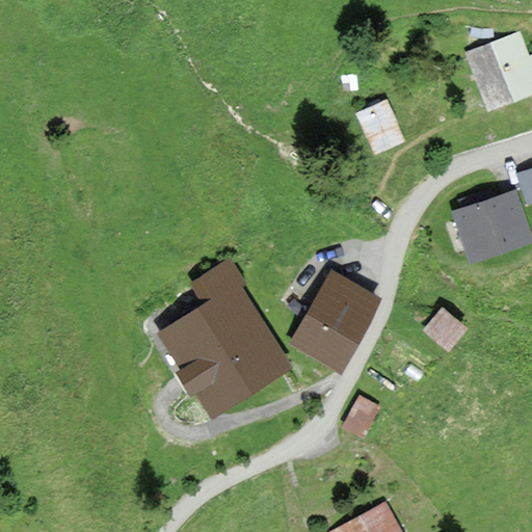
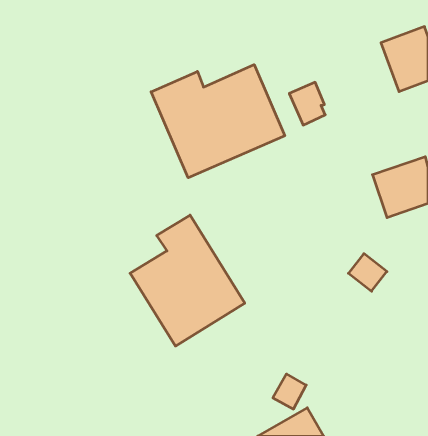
building: none -> [151,65,285,178]
building: [292,272,382,370] -> none
building: [343,396,383,438] -> [273,374,306,409]

